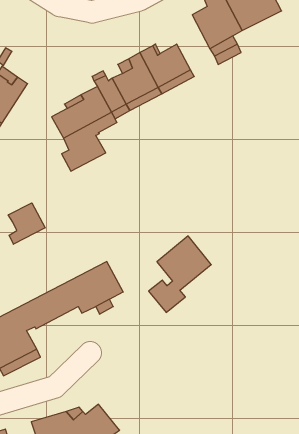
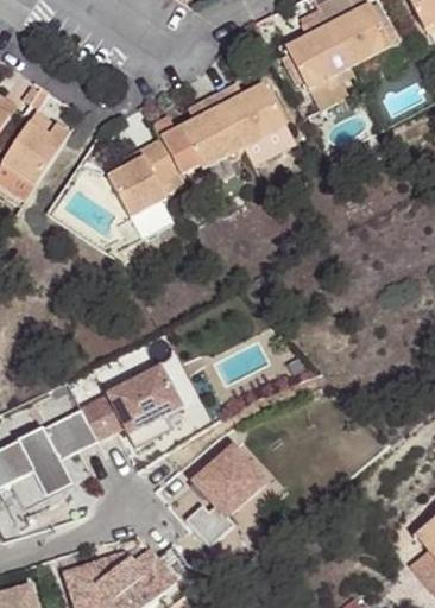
building: none -> [237,126,289,169]
building: [8,203,45,244] -> none
building: [149,236,211,312] -> [189,446,270,545]

